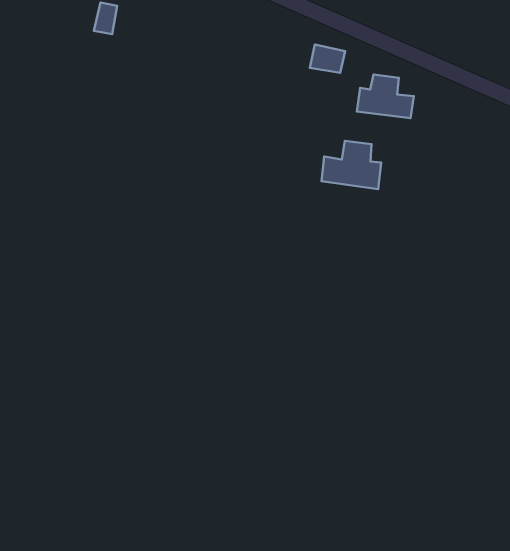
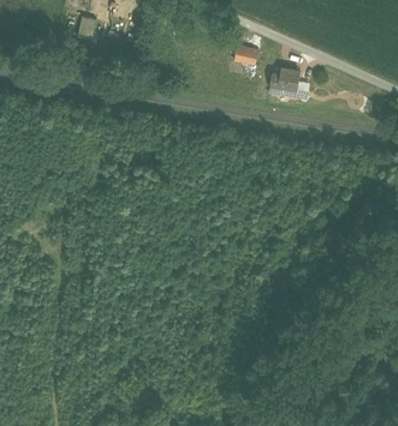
building: [321,141,381,189] -> none

